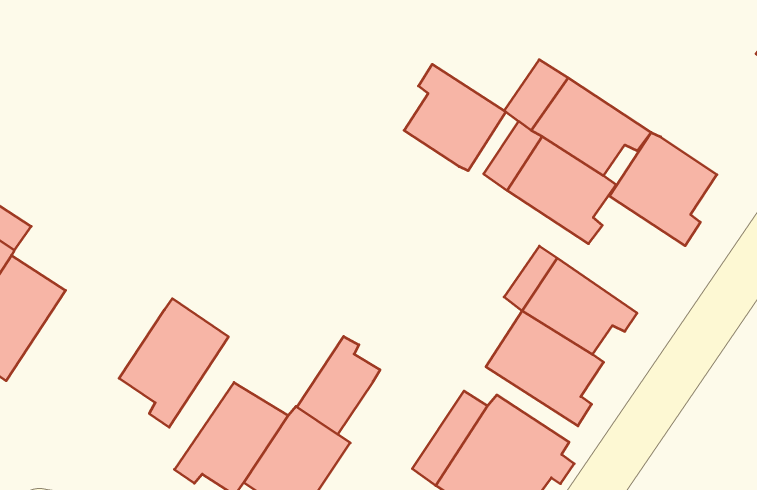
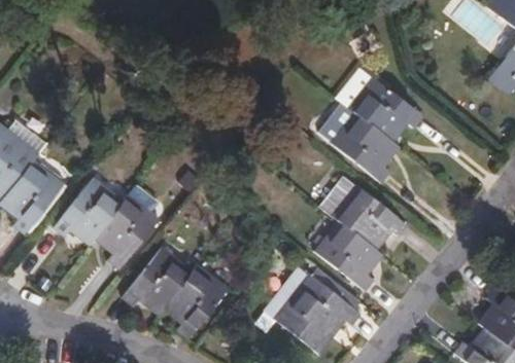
building: [404,64,506,171] -> none
building: [610,132,717,246] -> none
building: none -> [53,177,123,246]
building: [297,336,380,434] -> none

